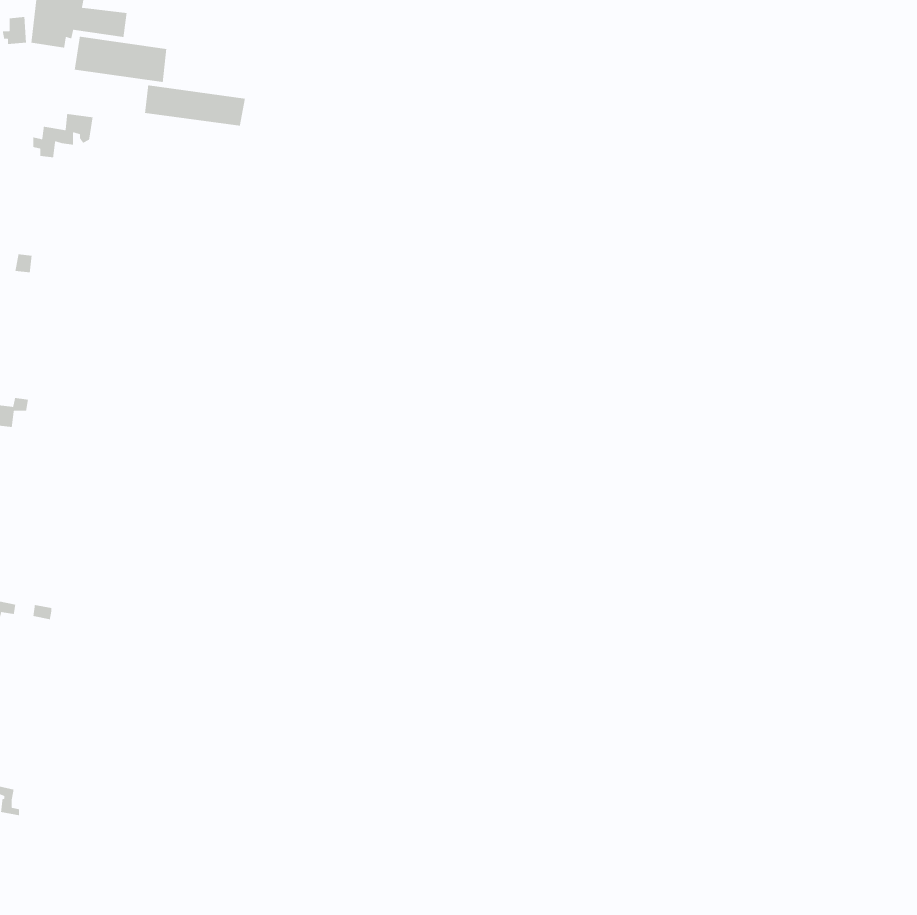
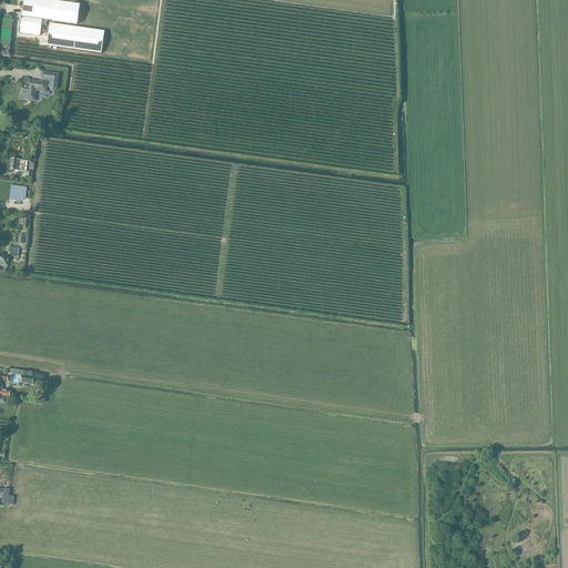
building: [144,84,246,127] -> none

